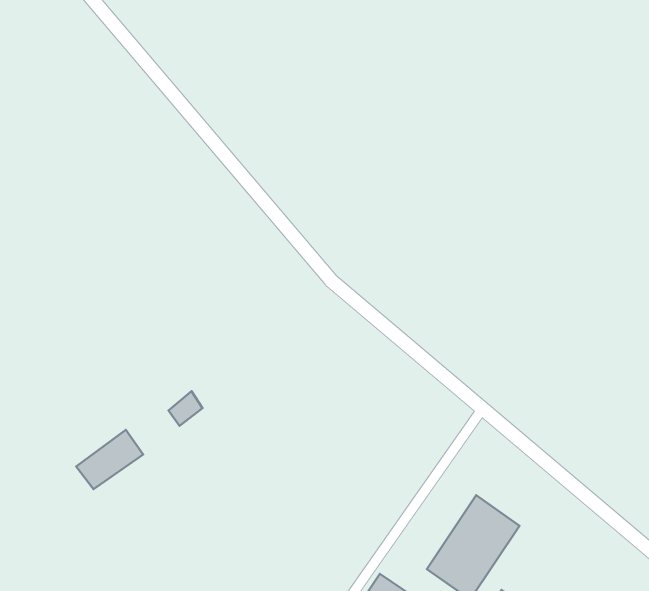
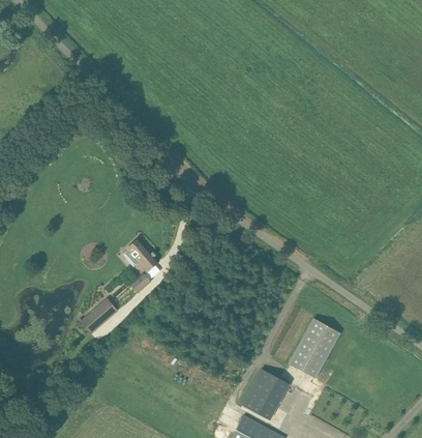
building: none -> [127,237,159,271]

